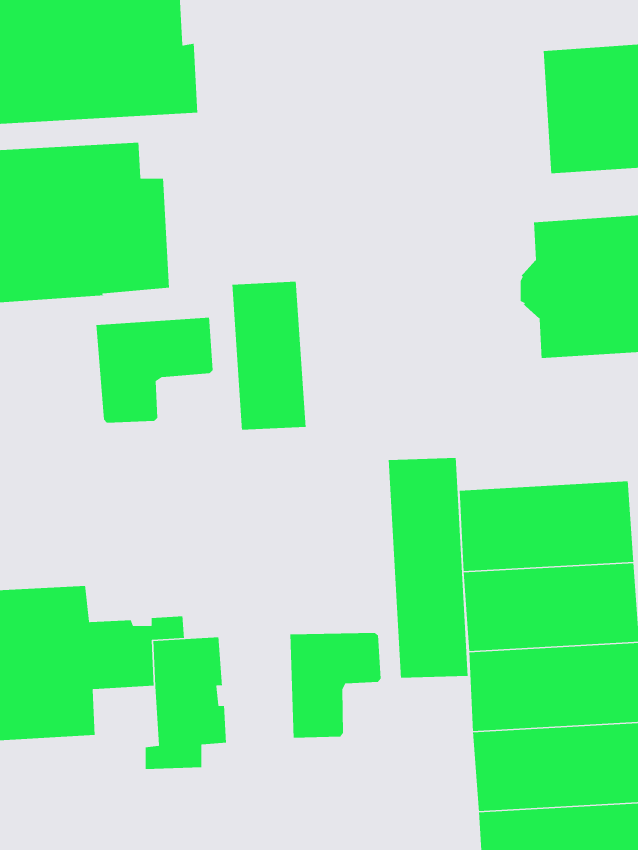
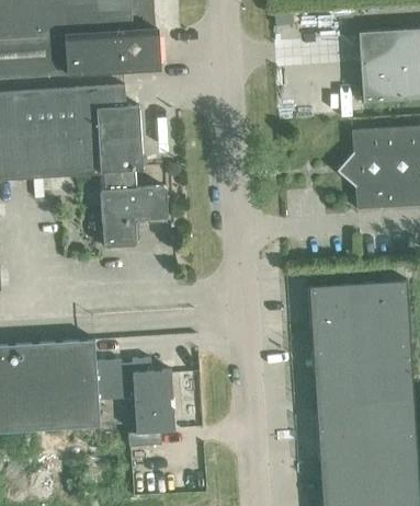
building: [232,281,306,431] -> none
building: [388,457,469,679] -> none
building: [289,632,382,738] -> none

